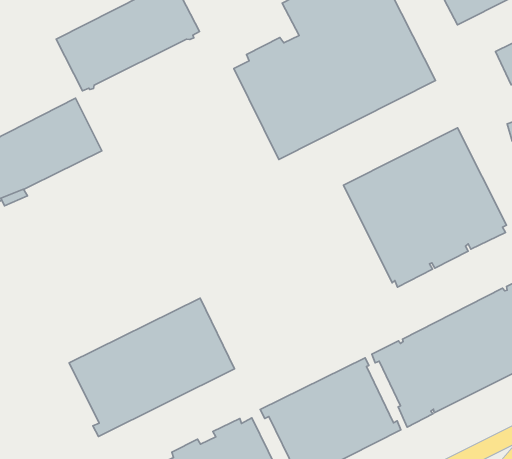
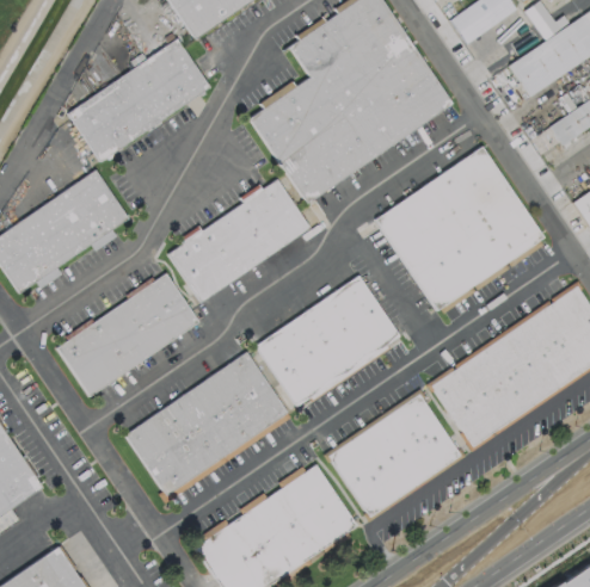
building: none -> [168,179,309,302]
building: none -> [57,273,199,396]
building: none -> [256,274,400,407]

